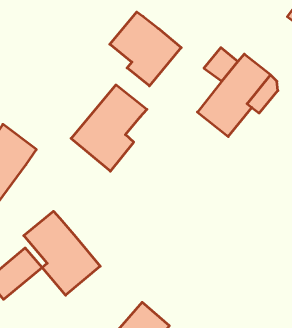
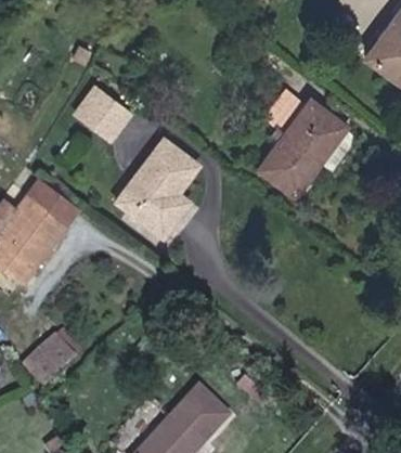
building: [110,12,181,86] -> none
building: none -> [81,89,133,139]
building: [24,211,100,295] -> none

